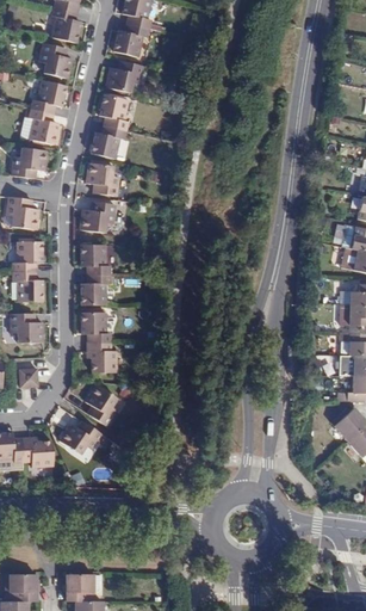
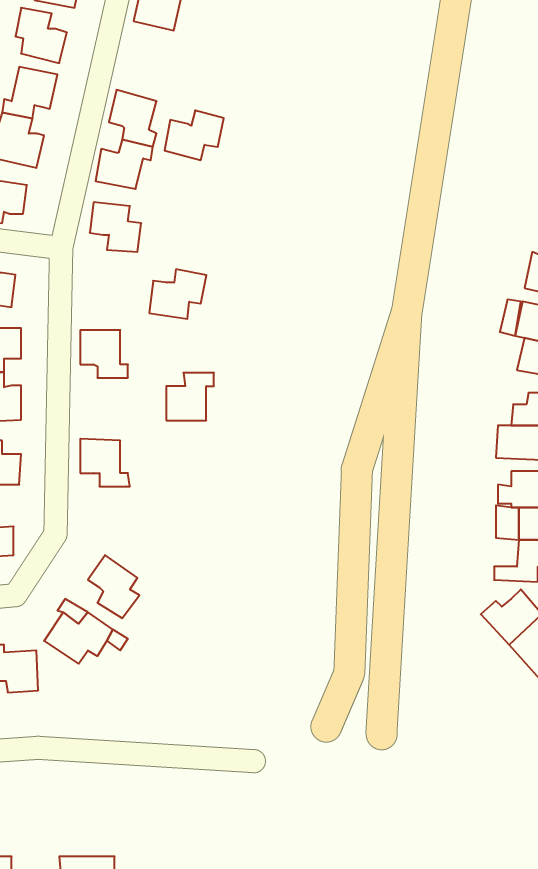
building: [104,61,141,92] -> [165,110,224,160]
building: [77,203,113,234] -> [149,269,206,319]
building: [79,274,108,304] -> [166,373,214,420]
building: [87,342,117,372] -> none

